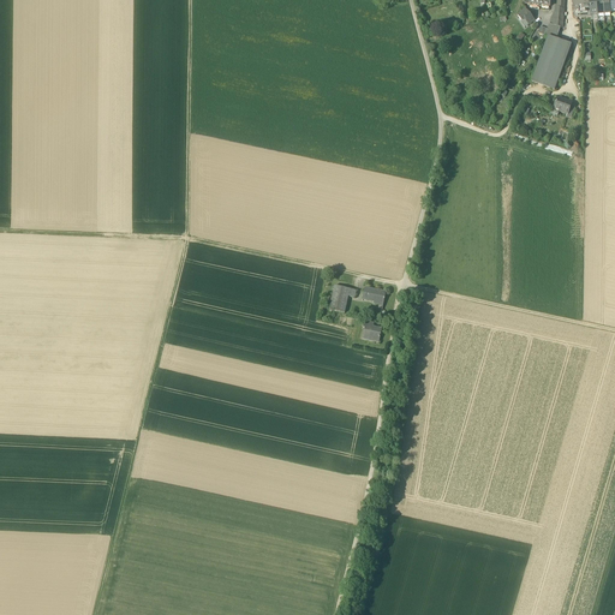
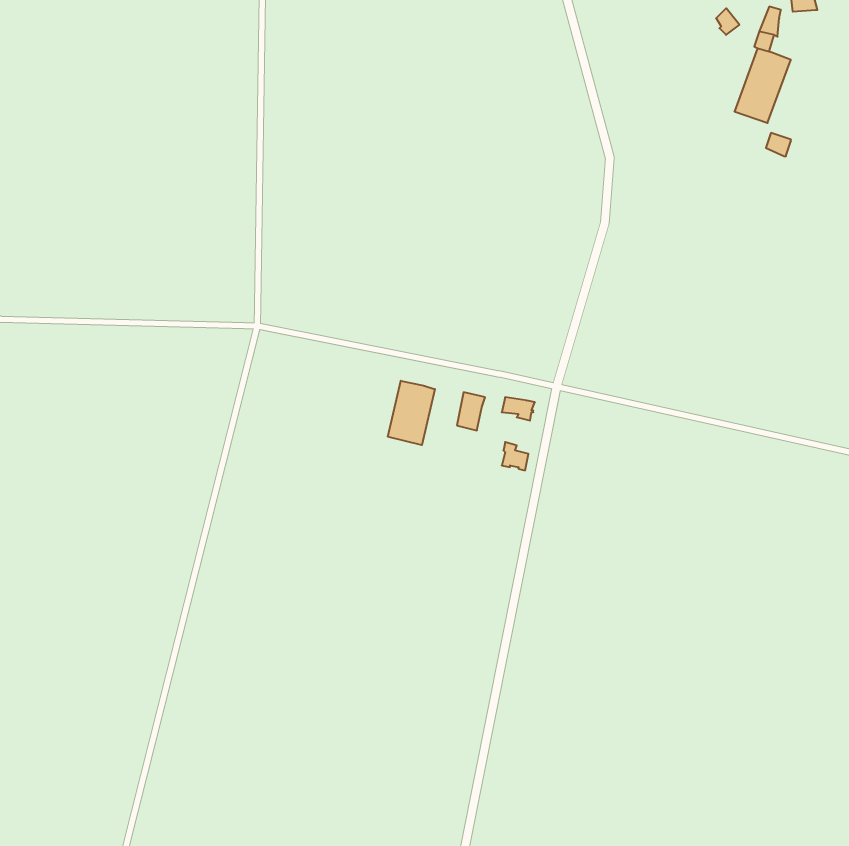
building: none -> [388,381,435,445]

